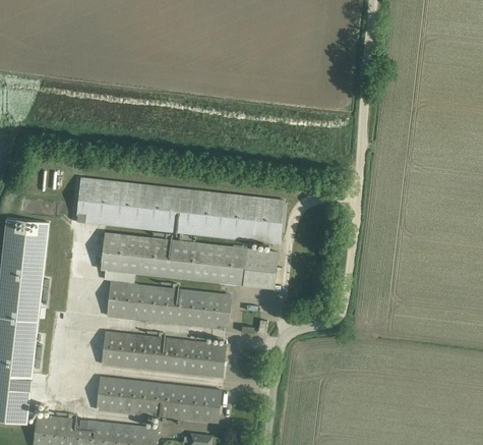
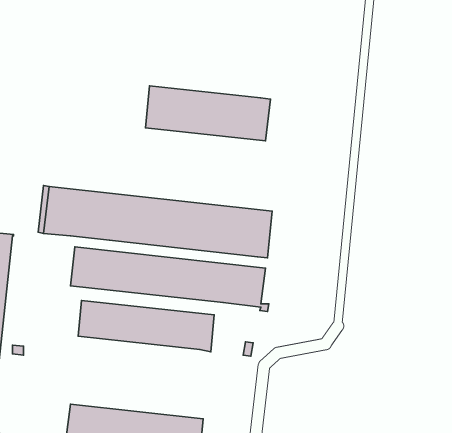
building: none -> [145,86,270,141]
building: [102,331,227,377] -> none

